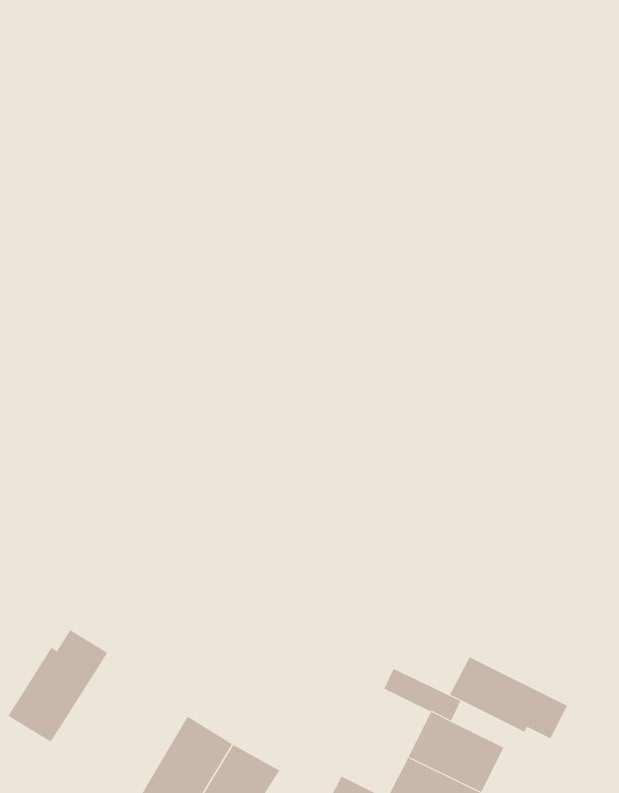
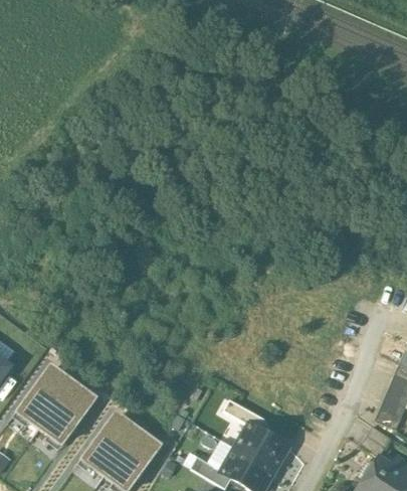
building: none -> [39,380,92,445]
building: [449,656,568,739] -> none

